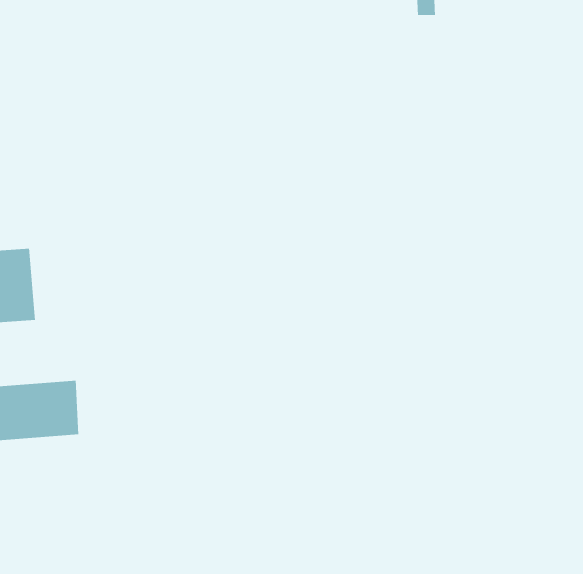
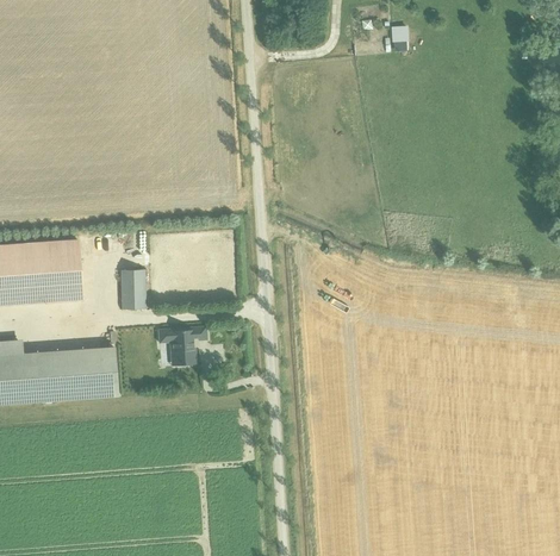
building: none -> [120,269,145,308]
building: none -> [157,325,207,366]

